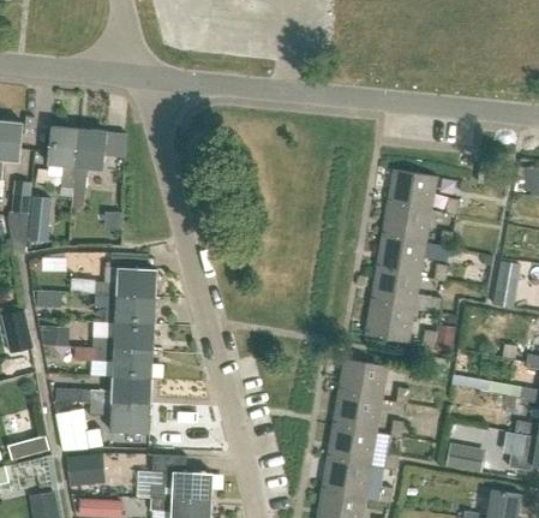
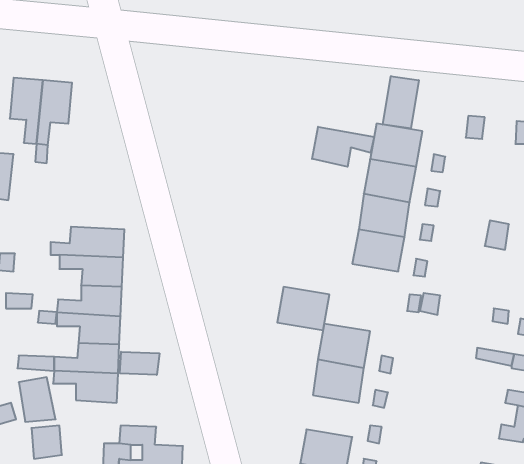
building: none -> [383,76,419,129]
building: none -> [312,127,374,167]
building: [365,302,414,343] -> [277,287,329,330]
building: none -> [120,352,159,375]
building: [328,425,377,465] -> none
building: [445,442,485,472] -> none

